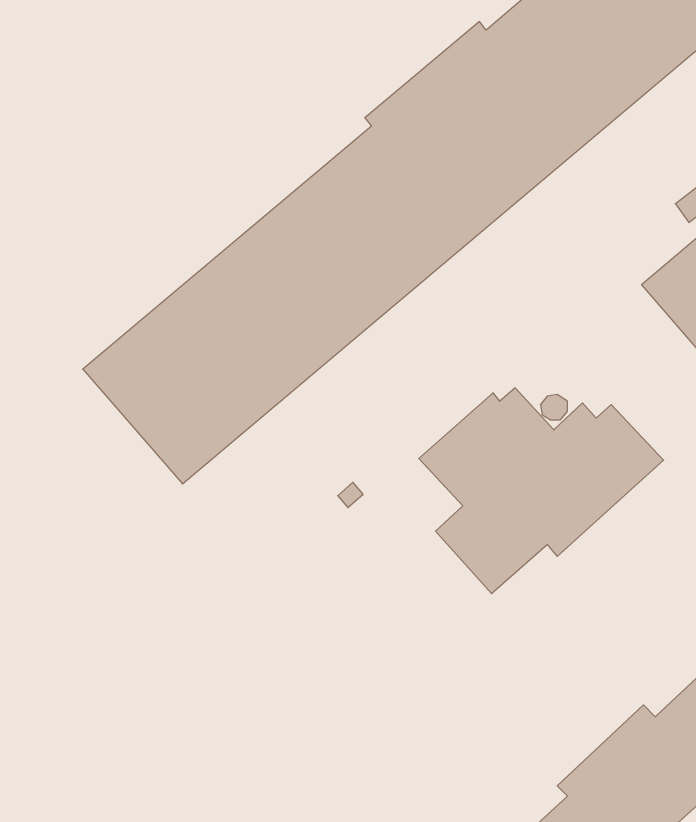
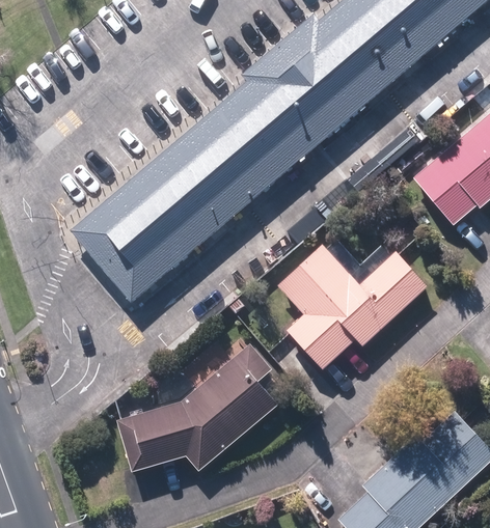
building: none -> [117,342,277,470]

